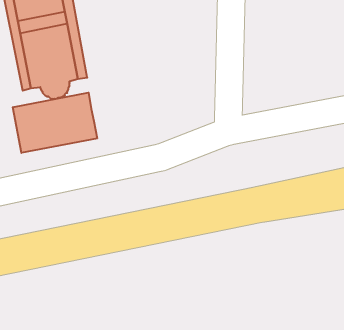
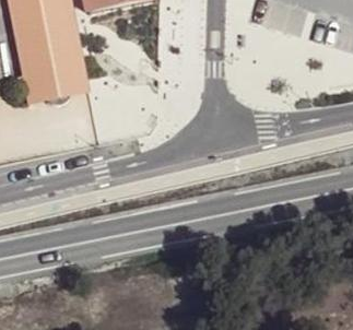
building: [13,93,97,153] -> none

